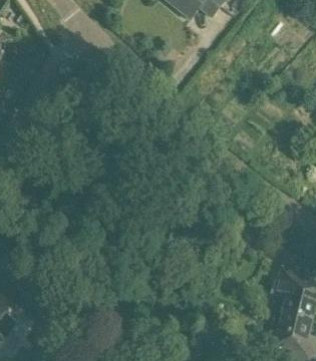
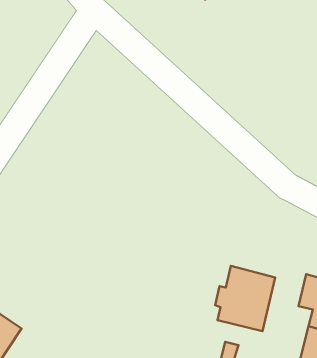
building: none -> [215,266,275,331]

